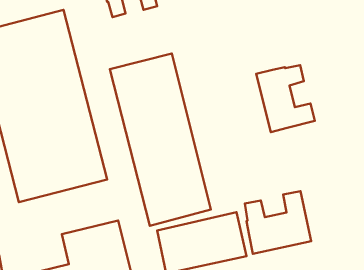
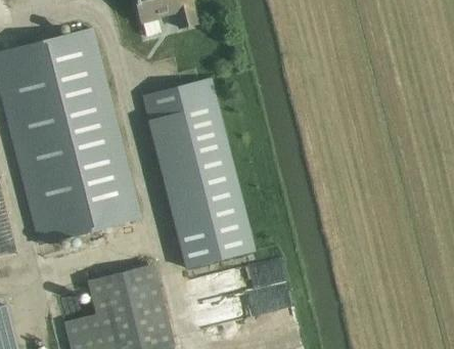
building: [256,65,315,132] -> none
building: [245,191,311,254] -> none

